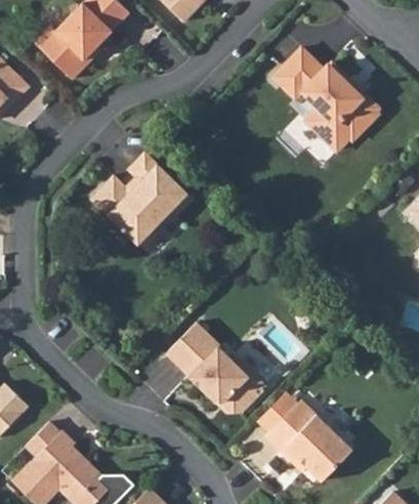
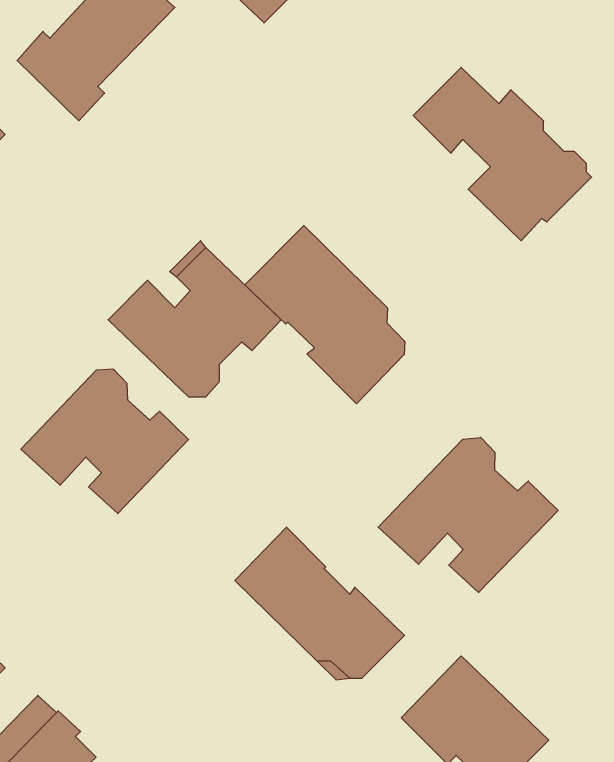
building: none -> [245,226,405,404]
building: none -> [21,369,189,514]
building: none -> [378,437,558,593]

